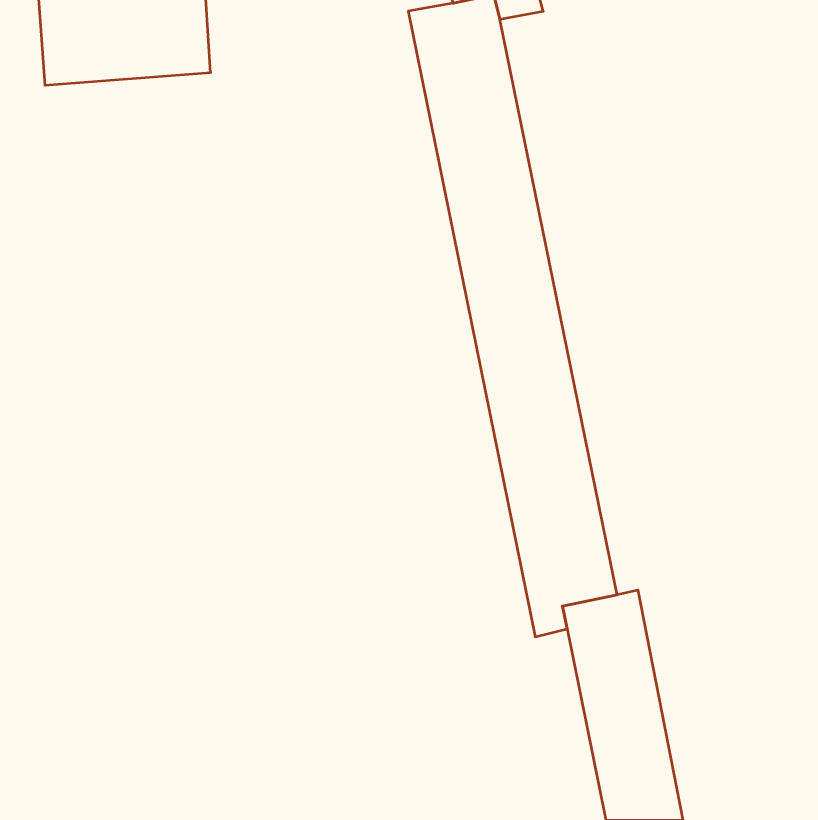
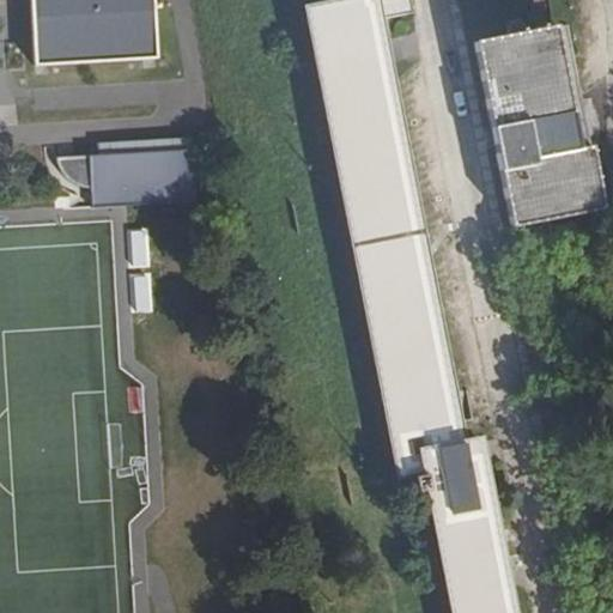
building: none -> [475,24,606,226]
building: none -> [62,142,194,204]

